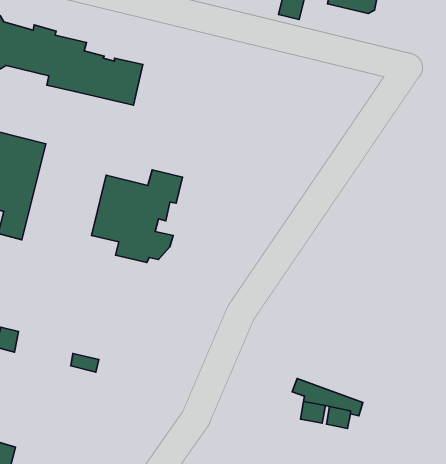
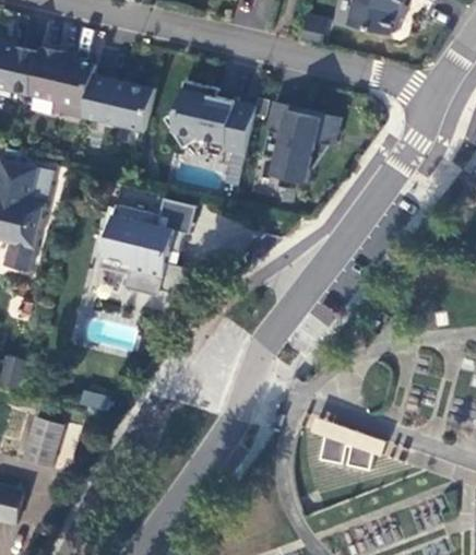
building: none -> [164,81,255,154]
building: none -> [262,102,340,191]
building: none -> [22,415,62,467]

